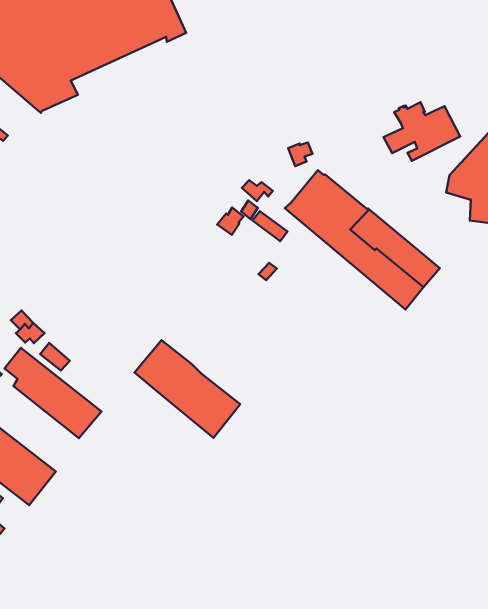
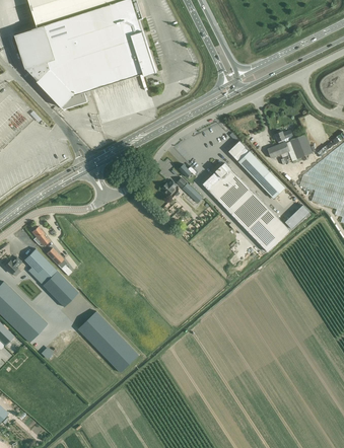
building: none -> [228,140,284,199]
building: [135,340,240,438] -> [77,311,138,373]

